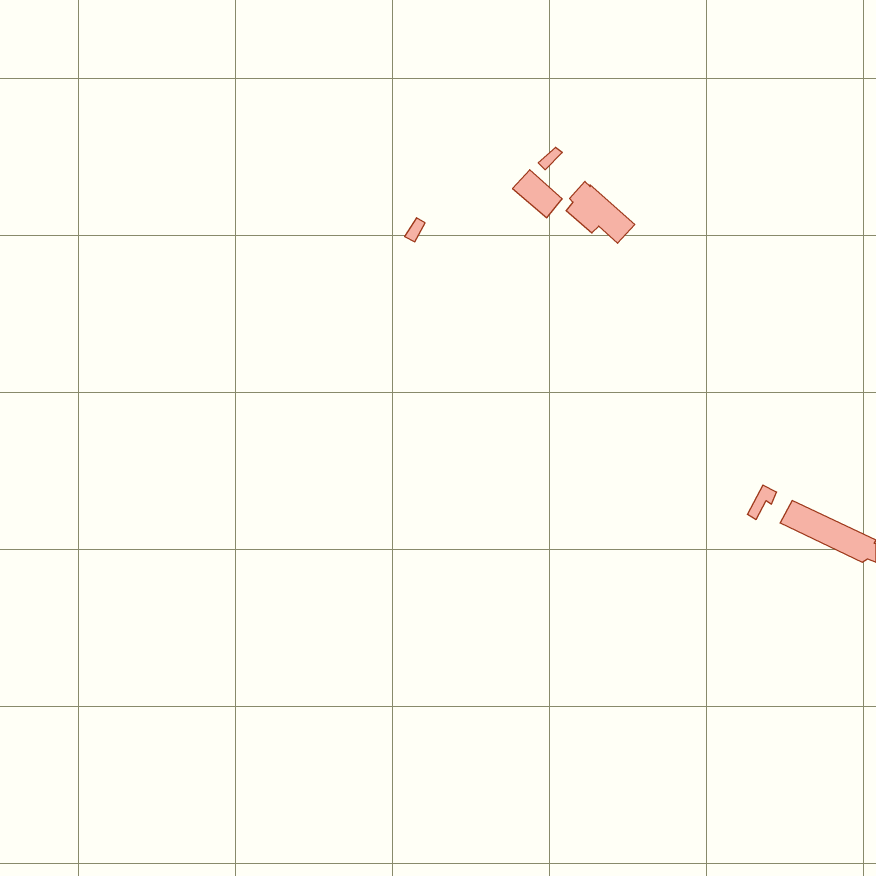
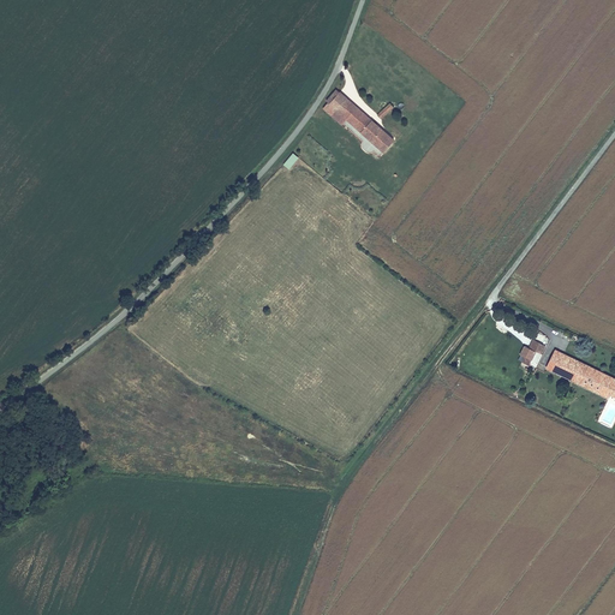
building: [566,181,635,243] -> [323,89,371,132]

